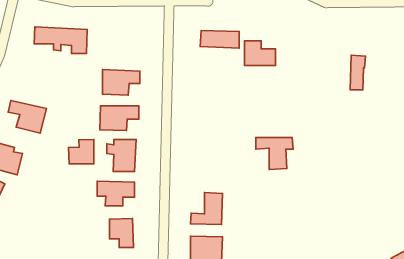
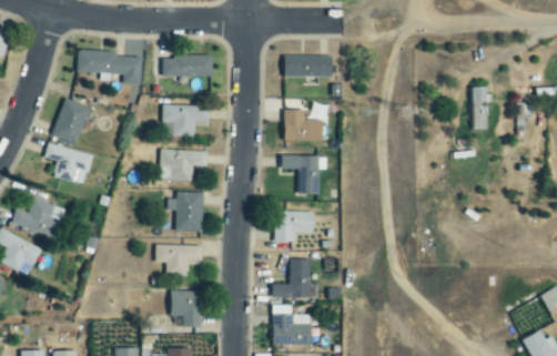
building: none -> [162,55,213,77]
building: [244,41,275,66] -> [284,110,323,141]
building: none -> [51,98,91,144]
building: [256,138,293,169] -> [281,155,327,195]
building: [69,139,94,164] -> none
building: none -> [274,211,314,242]

